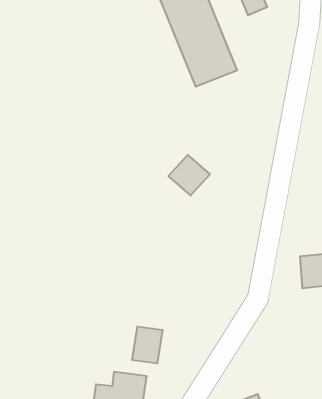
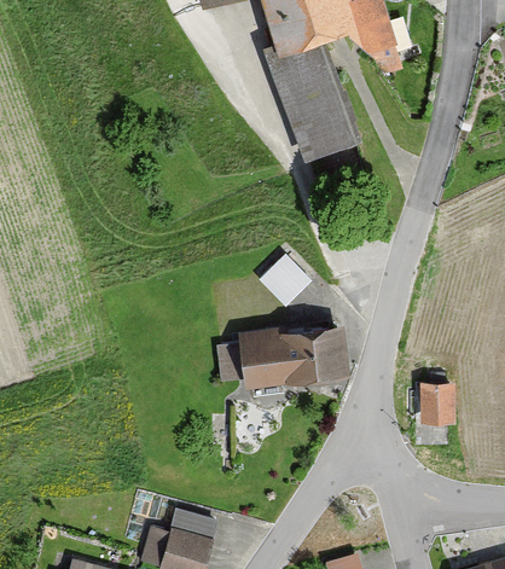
building: none -> [239,324,347,389]
building: [132,326,163,363] -> none

